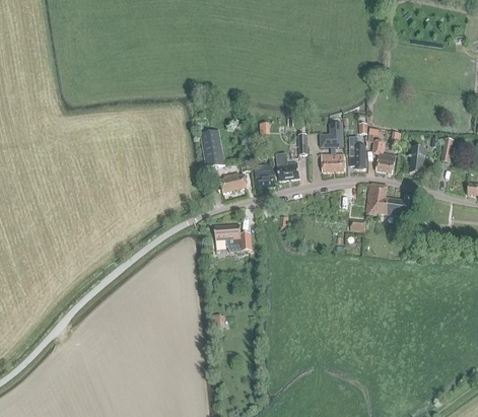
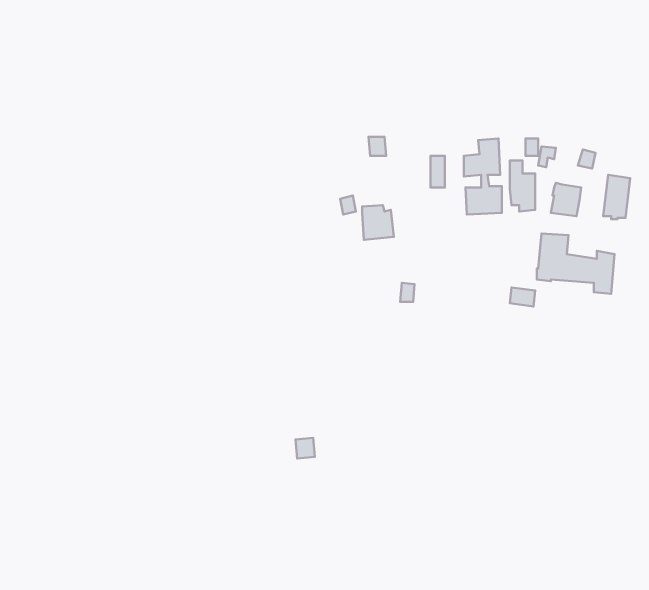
building: [200,129,224,166] -> none
building: [275,152,299,181] -> none
building: [219,171,248,193] -> none
building: [214,225,251,252] -> none

